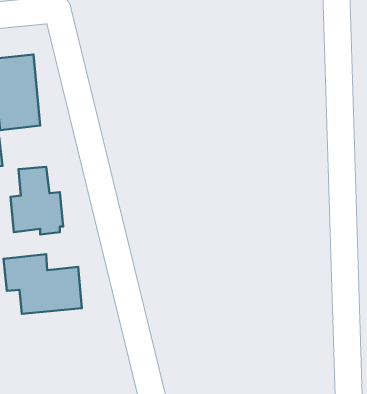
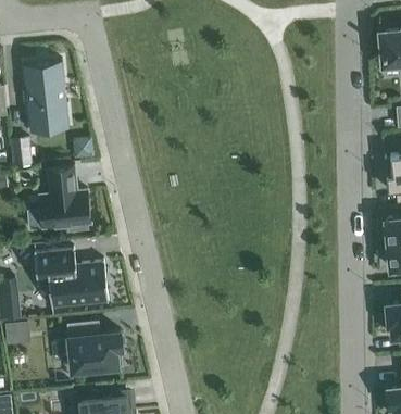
building: none -> [66,322,123,376]

